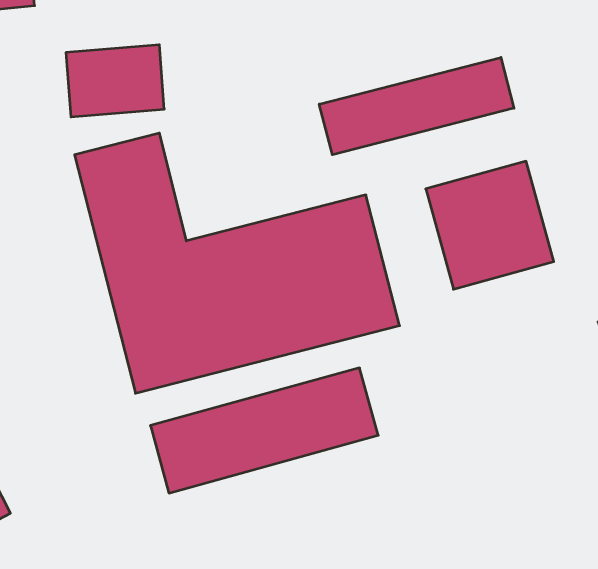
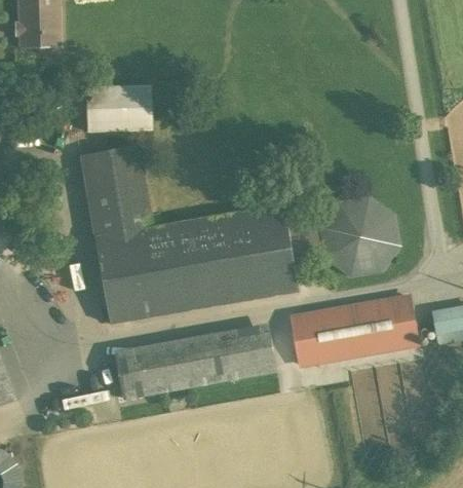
building: [319,57,514,155] -> none
building: none -> [286,295,416,372]

